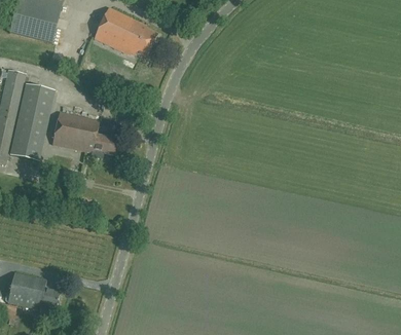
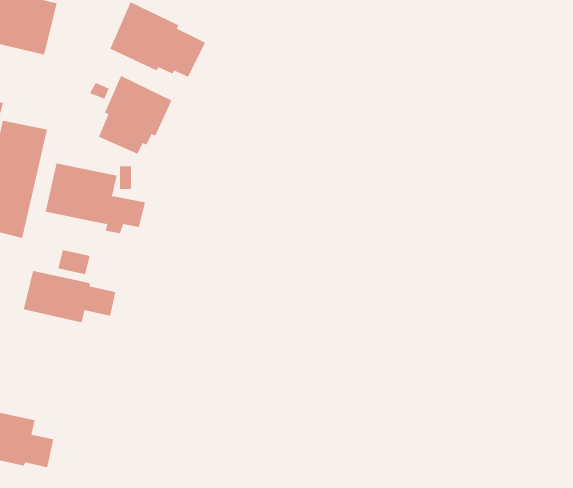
building: none -> [98,75,172,155]
building: none -> [23,270,116,323]

